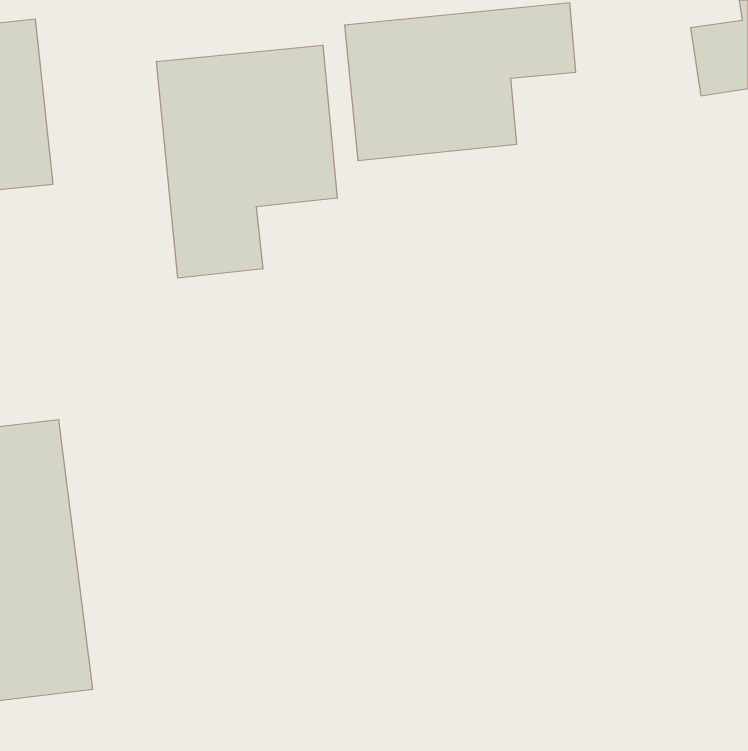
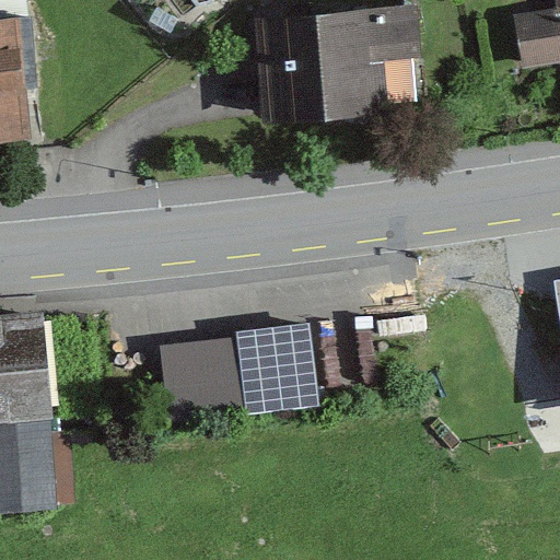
building: [157,45,337,278] -> none
building: none -> [161,330,307,415]

